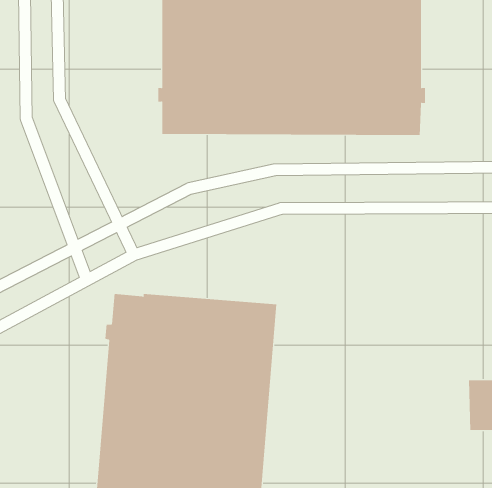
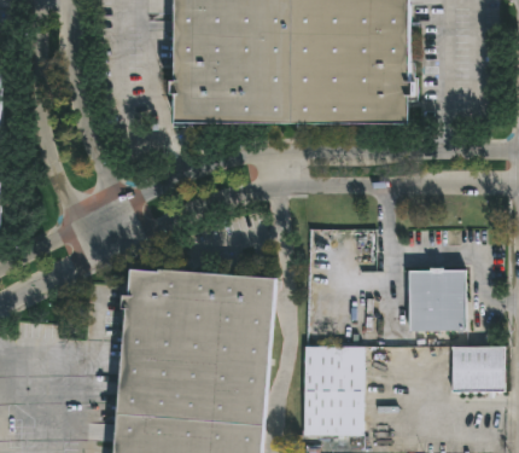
building: none -> [408,267,465,331]
building: none -> [303,345,363,439]

